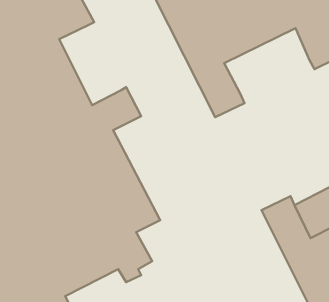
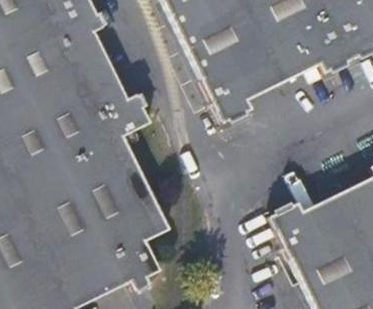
building: none -> [66,28,128,109]
building: none -> [232,31,318,98]

